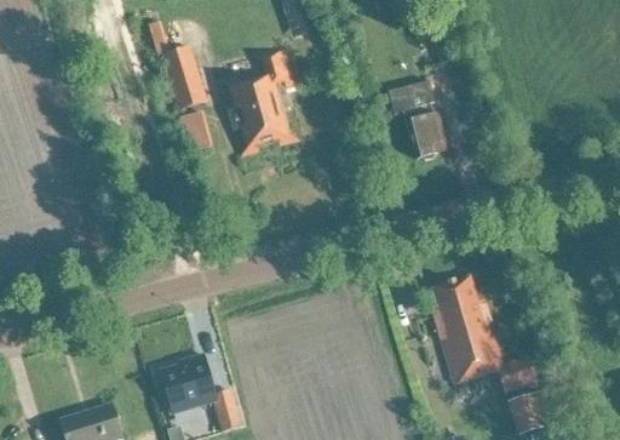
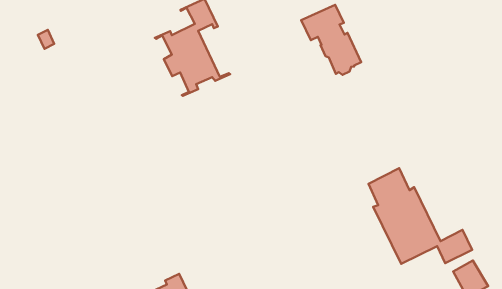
building: [165,47,208,109] -> none
building: [180,109,214,152] -> none

